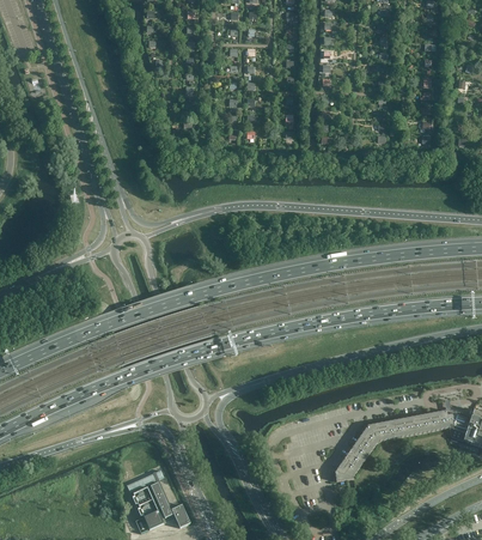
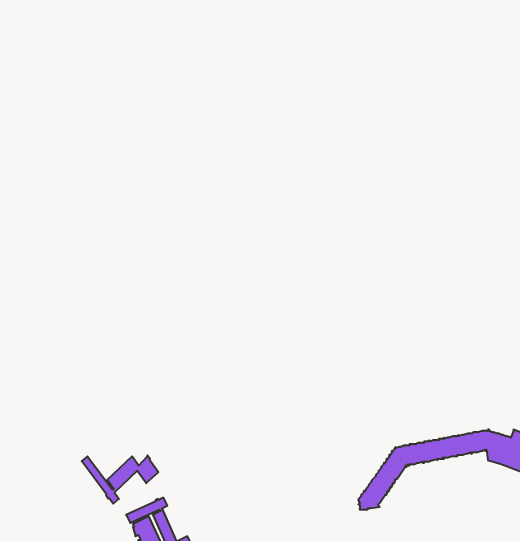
building: none -> [82,455,158,504]

